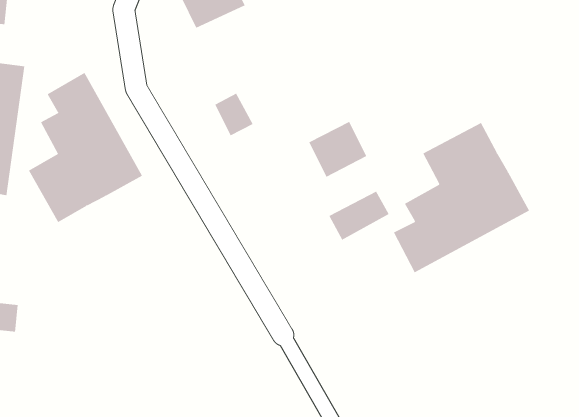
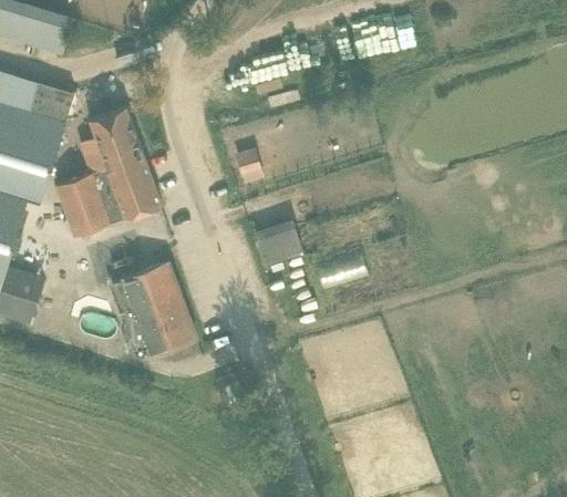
building: [309,121,367,178] -> [254,220,302,266]
building: [393,122,530,273] -> none
building: none -> [122,263,196,355]

